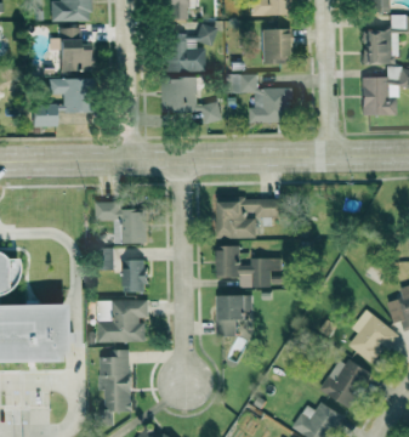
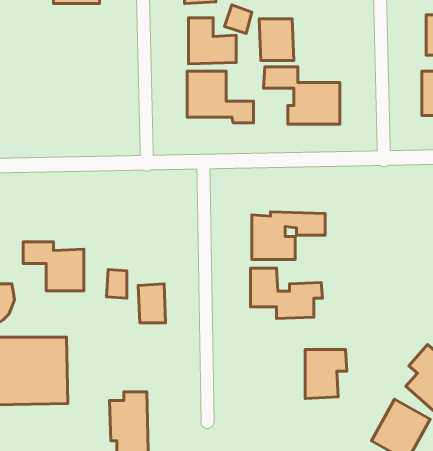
building: [59,29,89,73] -> none
building: [261,30,290,66] -> [259,19,294,61]
building: [33,80,89,127] -> none
building: [95,202,146,243] -> [23,242,84,291]
building: [217,295,252,336] -> [305,349,347,398]
building: [97,300,148,342] -> none

